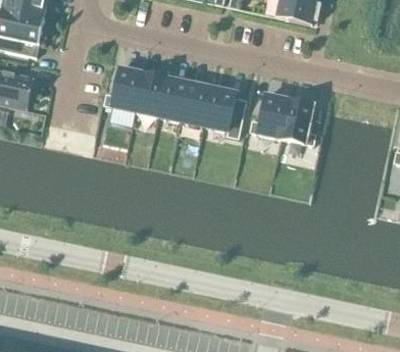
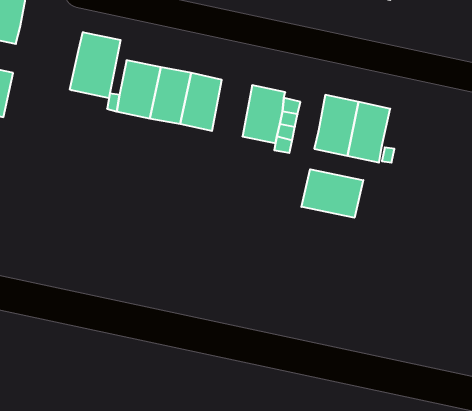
building: none -> [70,32,121,98]
building: [181,83,210,124] -> none
building: none -> [301,169,363,218]

